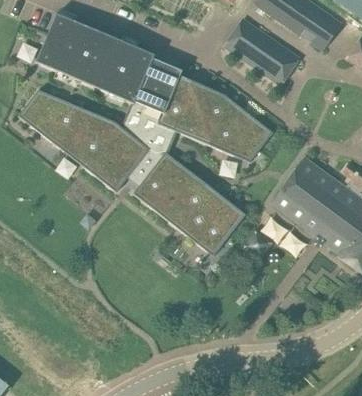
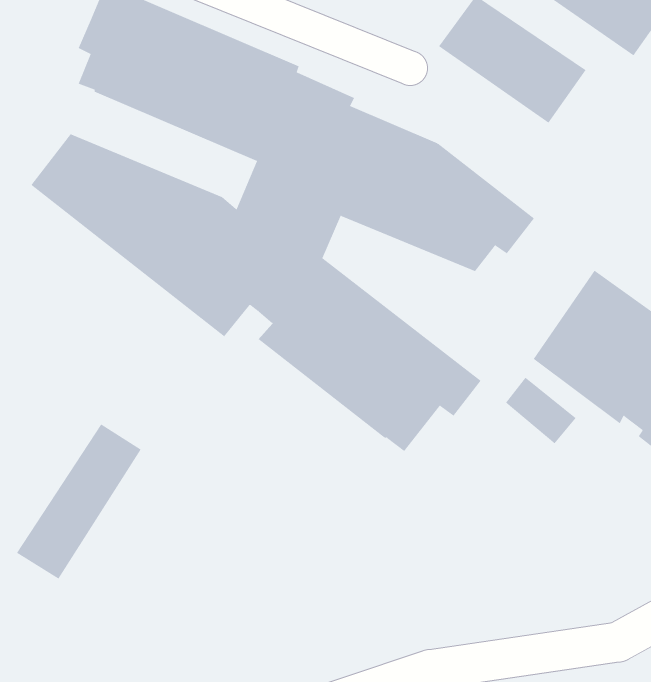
building: none -> [16,423,141,580]

